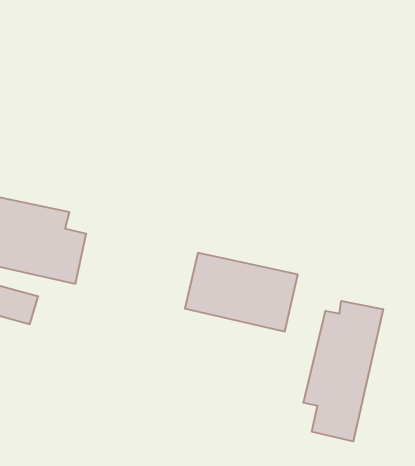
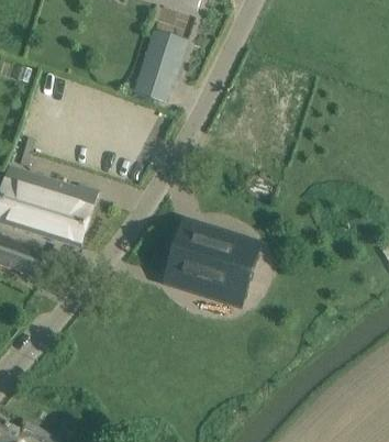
building: none -> [134,34,186,100]
building: [304,301,383,441] -> none

